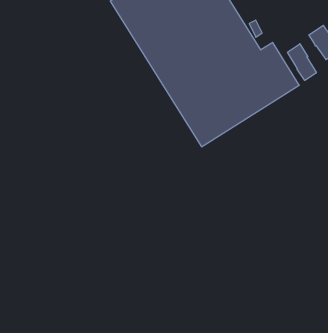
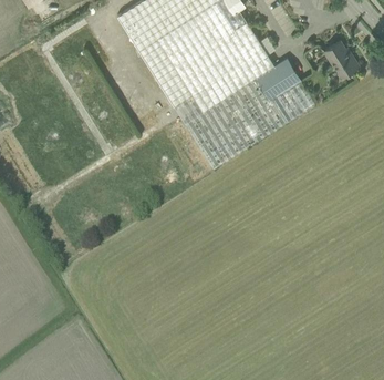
building: [288,44,316,80] -> none

